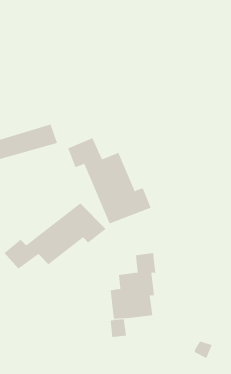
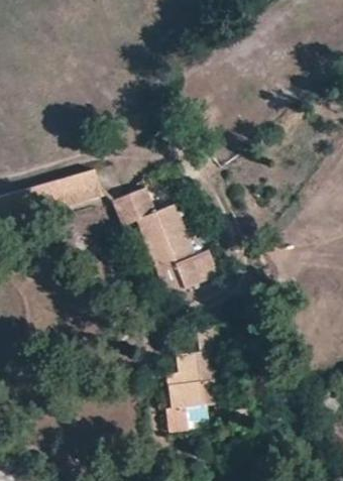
building: [3,202,106,270] -> none

